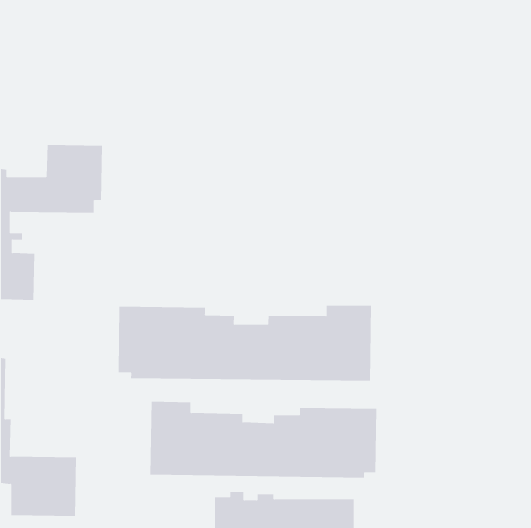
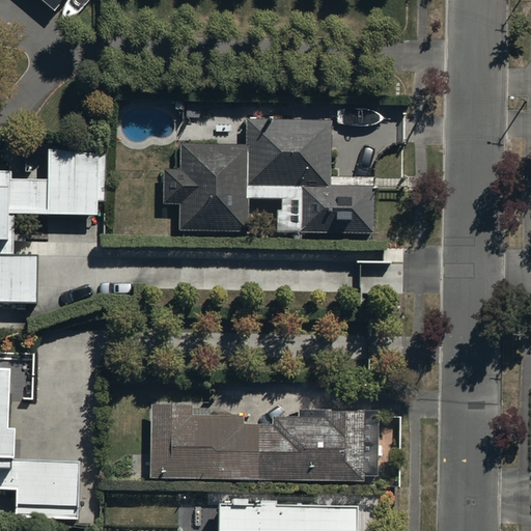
building: none -> [164,120,374,233]
building: [118,305,372,382] -> none

